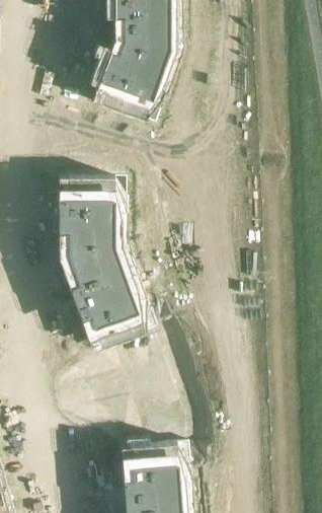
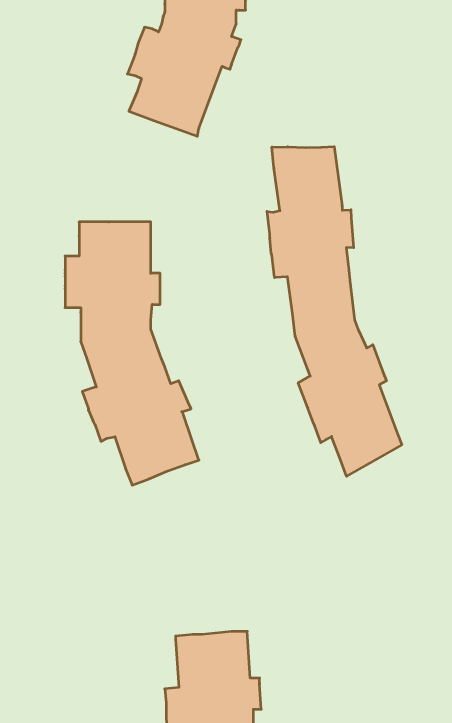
building: none -> [267,147,402,476]

